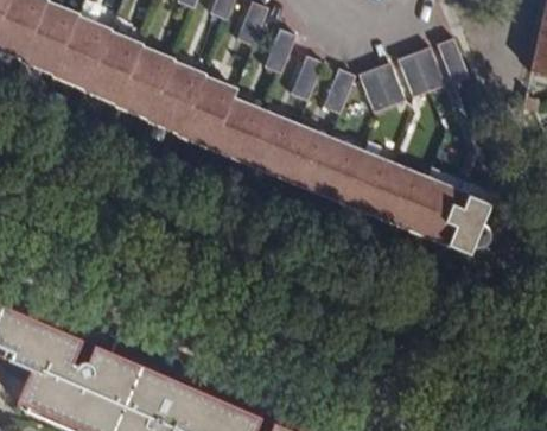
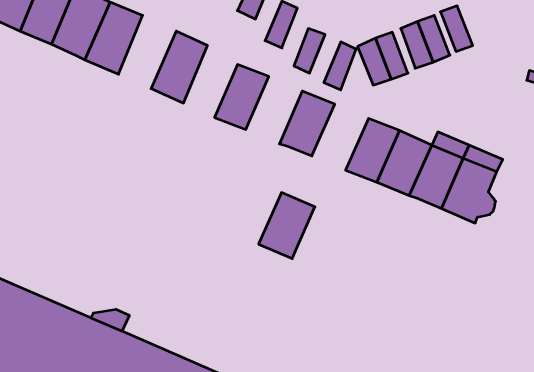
building: [119,45,177,118] -> none
building: [183,75,238,146] -> none
building: [244,106,300,172] -> none
building: [310,133,365,198] -> [259,193,315,259]

